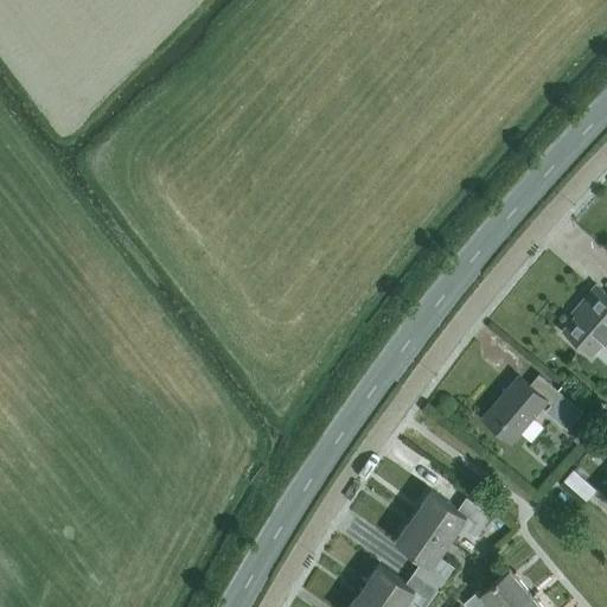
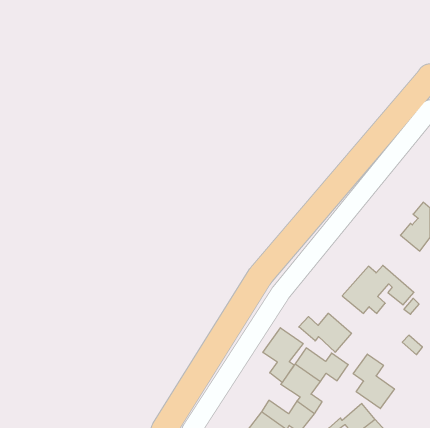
building: none -> [299,313,351,352]
building: none -> [263,328,303,382]
building: none -> [353,354,394,409]

